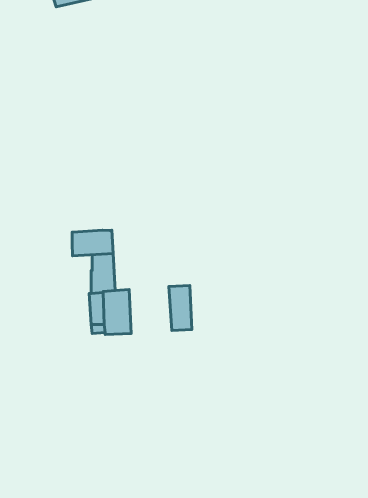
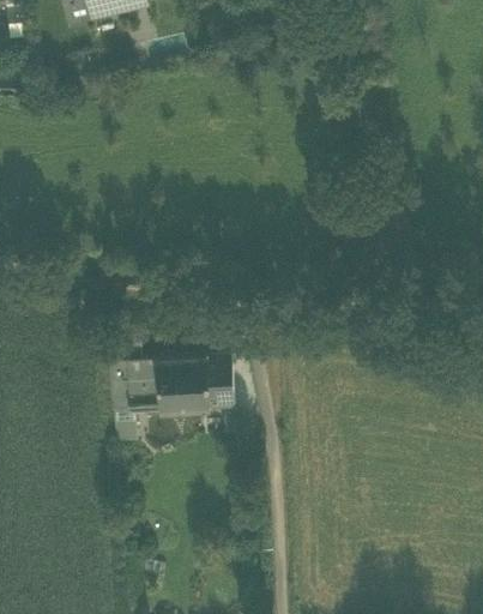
building: [72,230,113,256] -> none
building: none -> [156,357,207,414]

